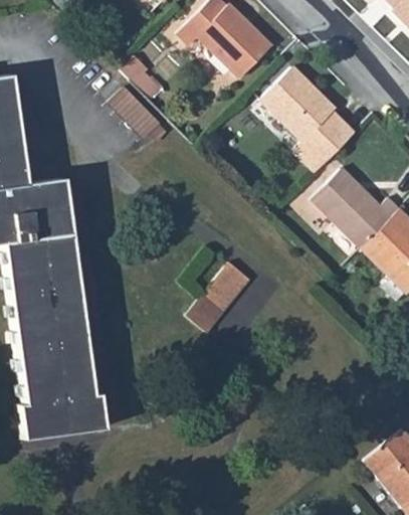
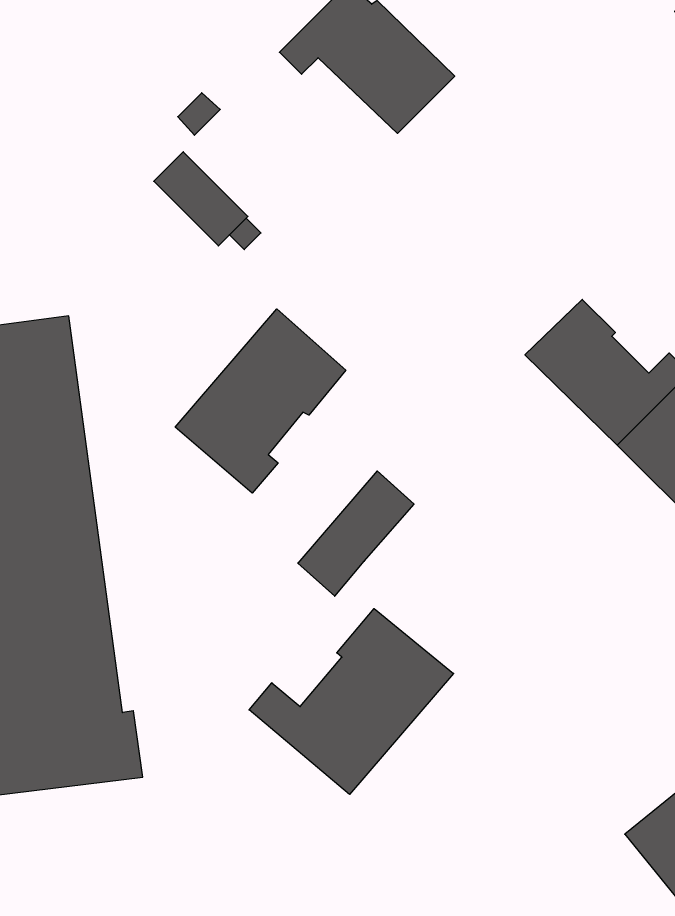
building: [260,67,356,172] -> none
building: none -> [175,309,346,493]
building: none -> [249,609,454,794]

